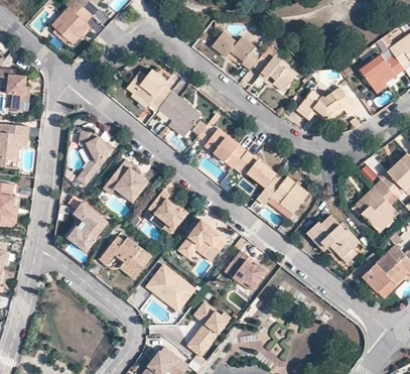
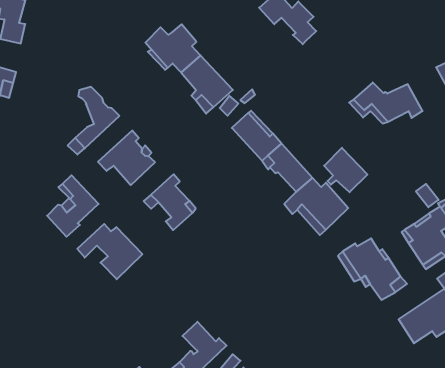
building: [253,44,292,90] -> none
building: none -> [324,148,367,192]
building: [180,220,227,262] -> none
building: [224,250,266,287] -> none
building: [147,266,193,310] -> none

